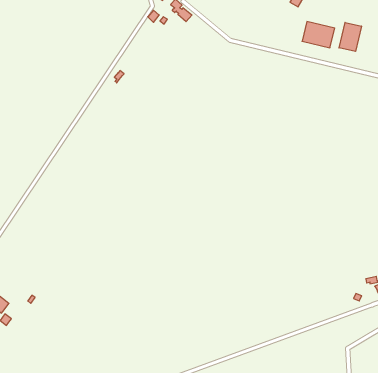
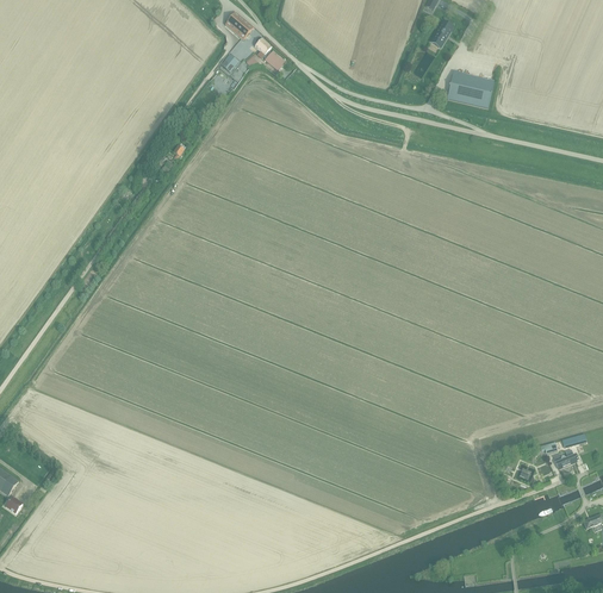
building: [339,22,361,51] -> none

